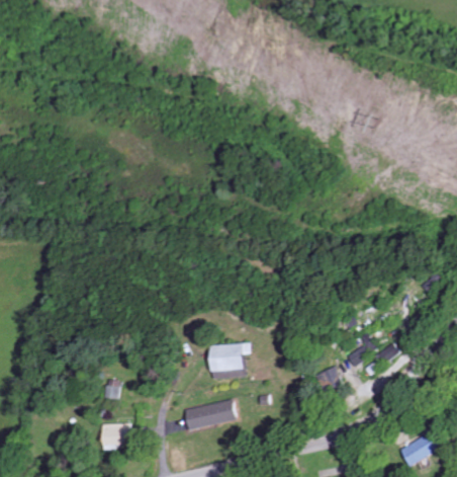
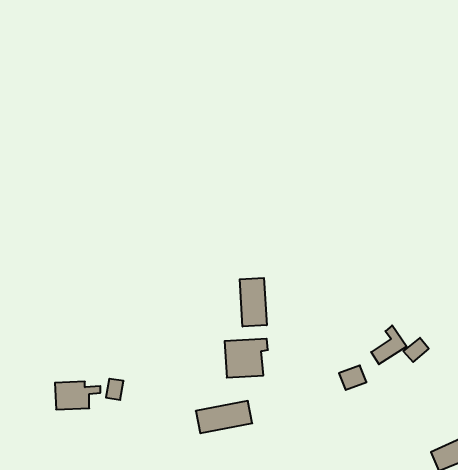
building: none -> [240,278,267,327]
building: [100,423,142,449] -> [55,382,100,409]

